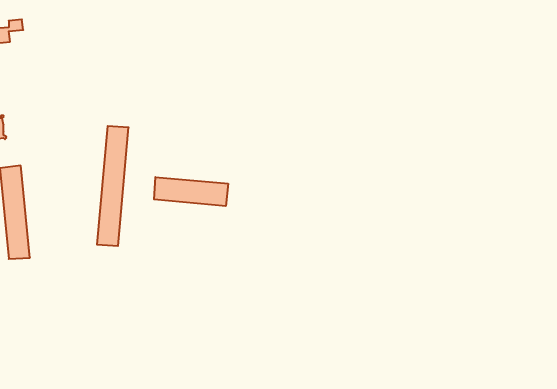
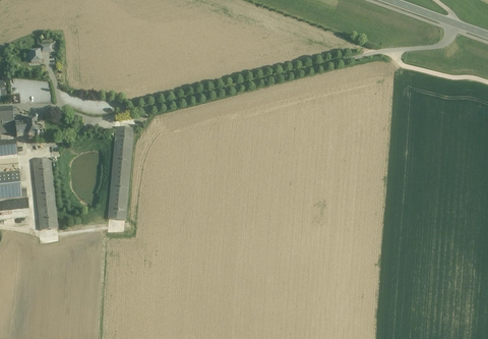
building: [154,177,228,206] -> none

